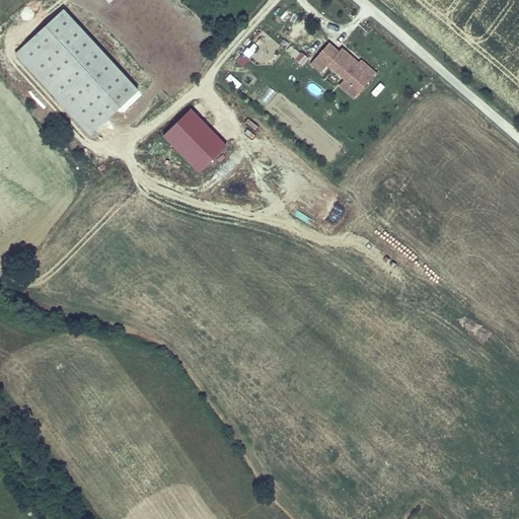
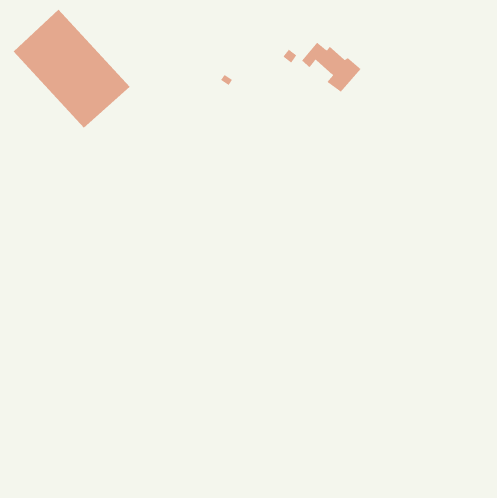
building: [162,108,228,173] -> none

